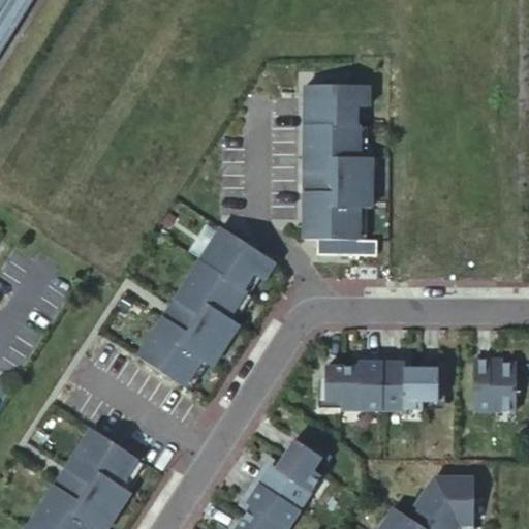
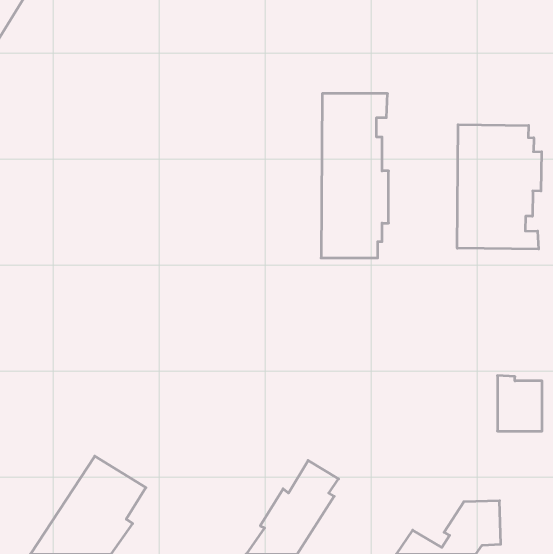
building: none -> [457,125,542,249]
building: [133,229,274,392] -> none
building: [323,361,436,409] -> none

